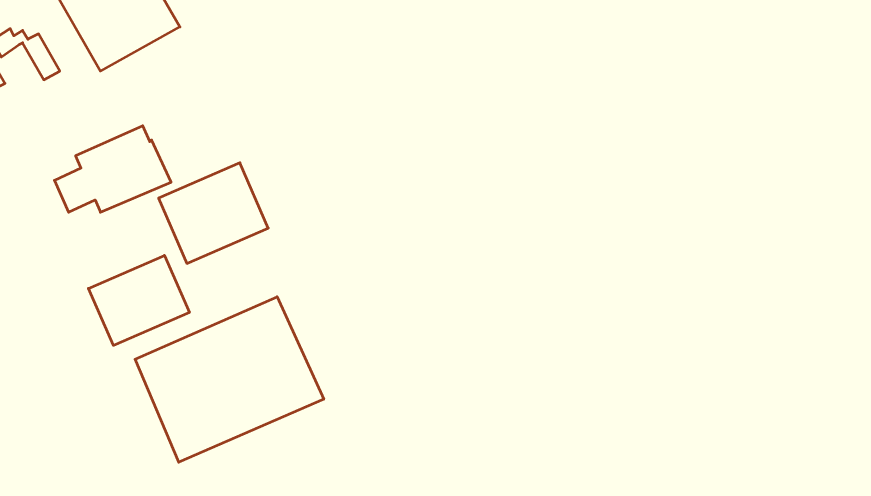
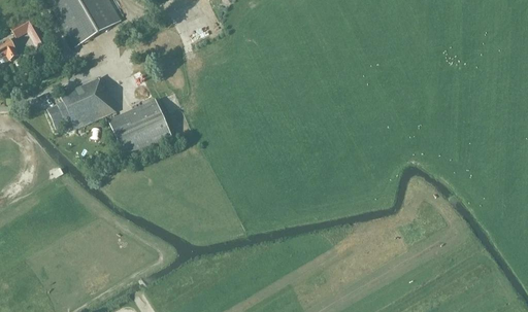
building: [88,255,189,345] -> none
building: [135,297,324,462] -> none

